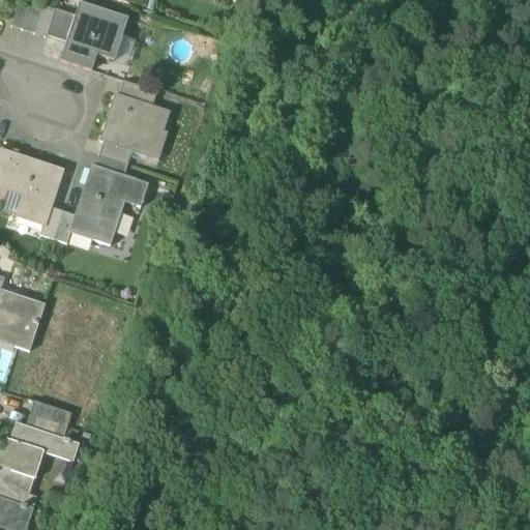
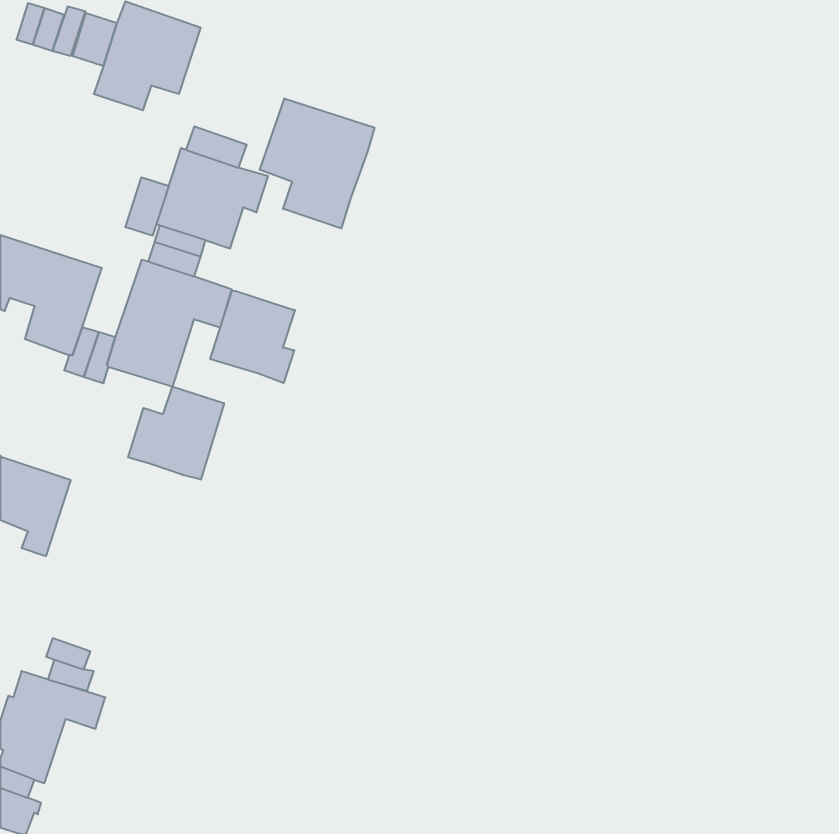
building: none -> [260,98,374,228]
building: none -> [125,177,169,236]
building: none -> [210,290,295,383]
building: none -> [128,387,224,480]

